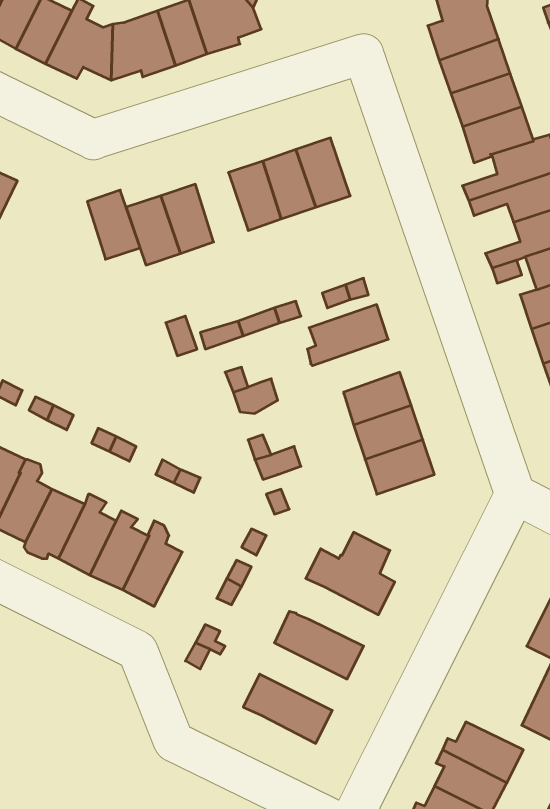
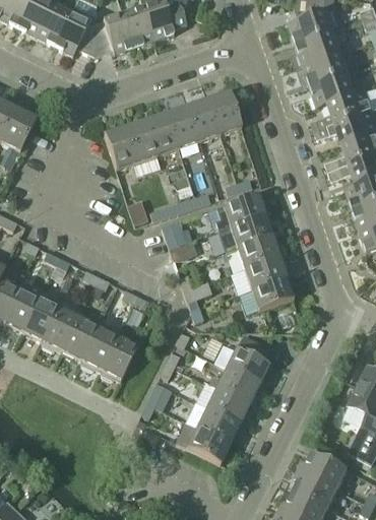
building: [87,190,140,259] -> [145,113,178,155]
building: none -> [217,215,271,253]
building: none -> [208,368,258,404]
building: none -> [185,402,239,444]

